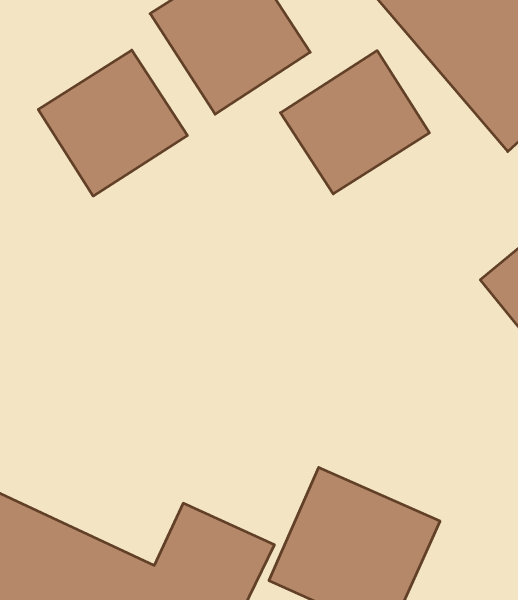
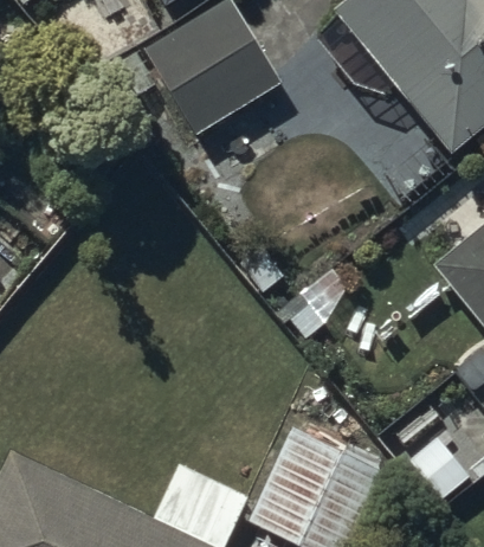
building: [38,50,187,196] -> none
building: [280,51,429,194] -> none

